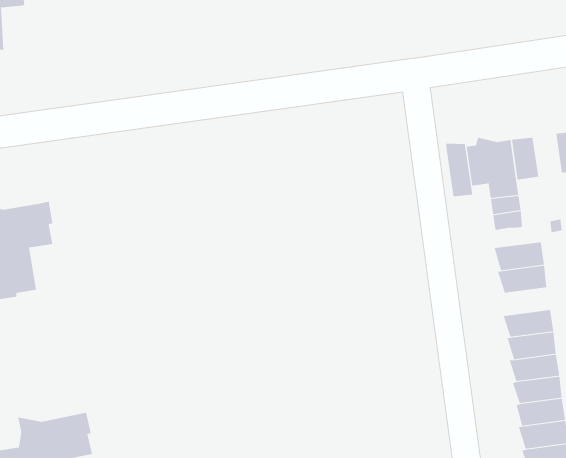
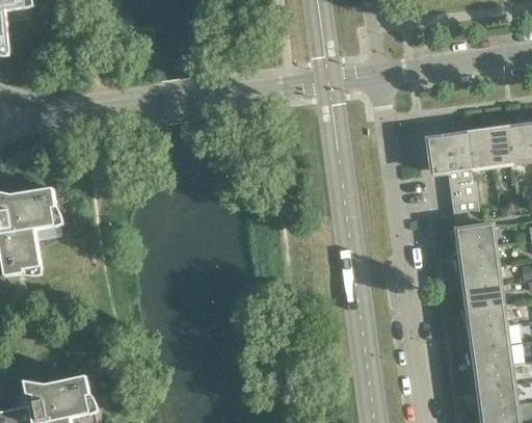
building: none -> [484,126,509,164]
building: [446,143,473,197] -> none
building: none -> [455,263,500,288]

